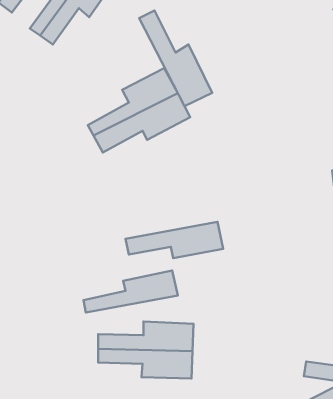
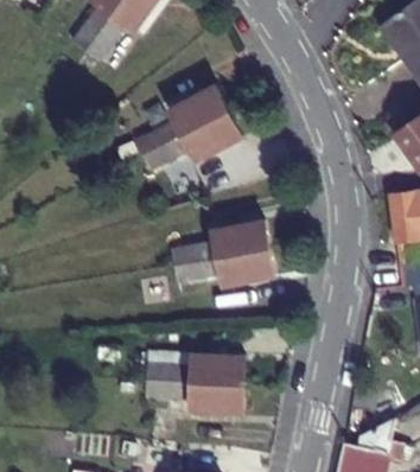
building: [139,11,212,106] -> none
building: [83,271,178,313] -> [170,221,268,264]

